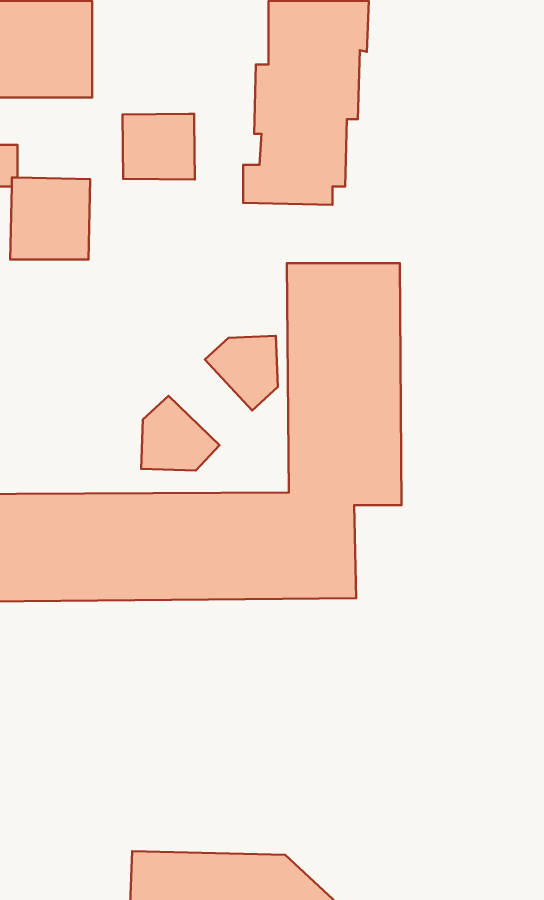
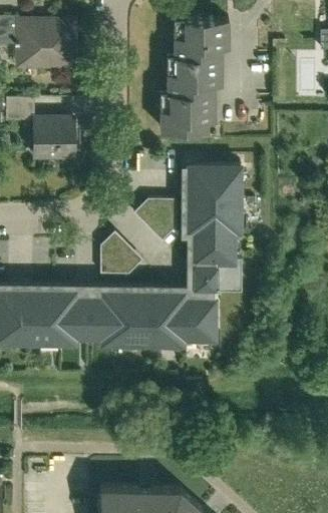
building: [122,114,195,180] -> none

